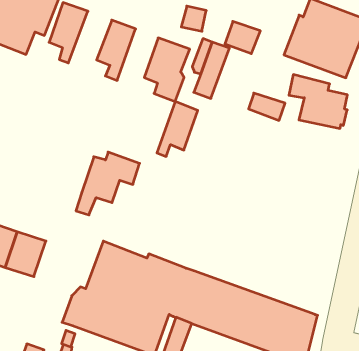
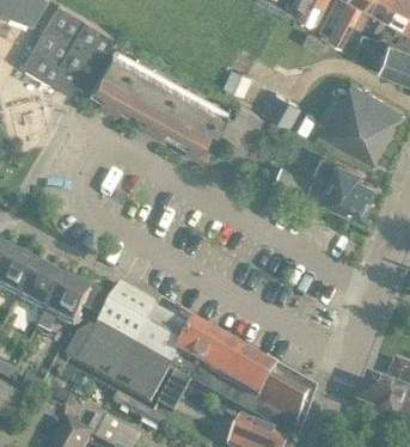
building: none -> [109,61,157,114]
building: [157,101,198,156] -> [153,85,198,136]
building: [76,152,140,215] -> [36,273,104,330]

